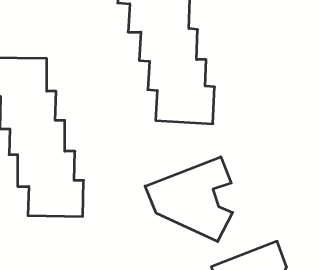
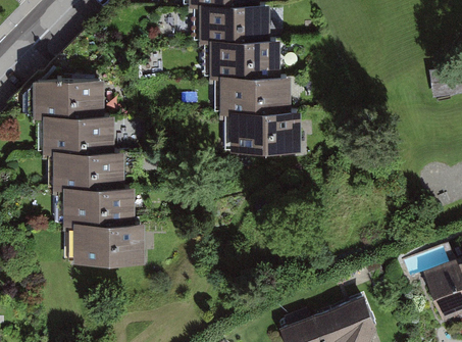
building: [145,157,233,242] -> none

